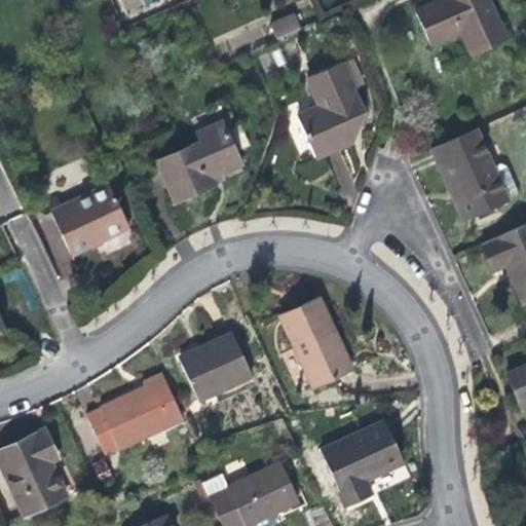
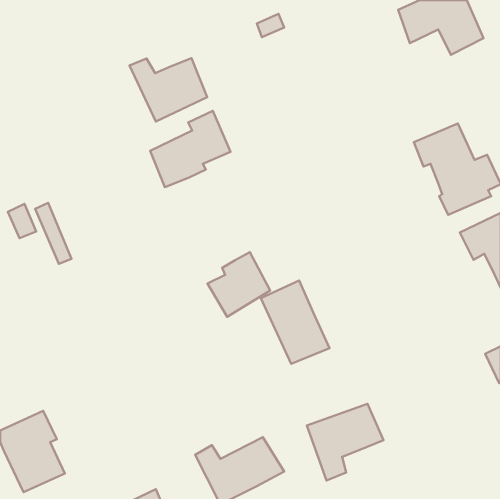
building: [302,62,369,152] -> none
building: none -> [129,58,207,121]
building: [49,186,136,256] -> none
building: [177,338,242,406] -> [208,252,270,317]
building: [81,370,182,455] -> none

